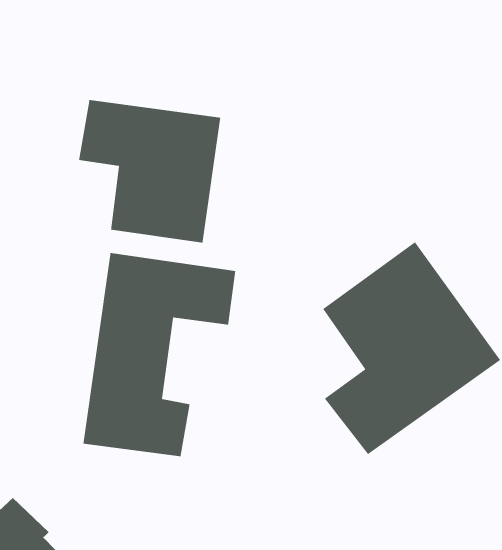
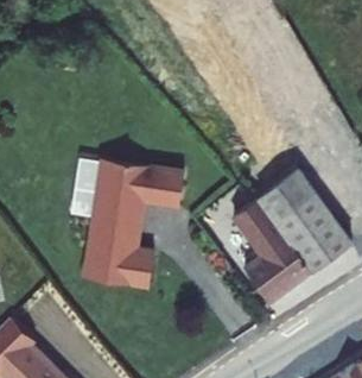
building: [78,99,221,243] -> none

